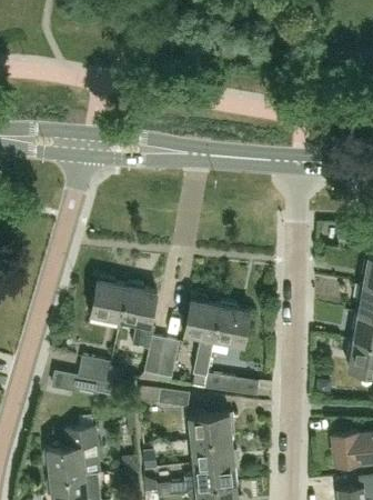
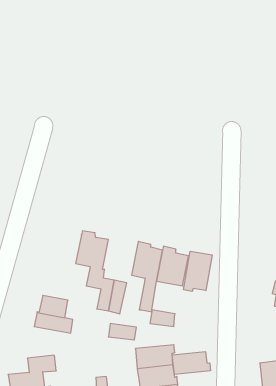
building: [90,278,127,321] -> none
building: none -> [184,251,212,291]
building: none -> [172,352,210,375]

